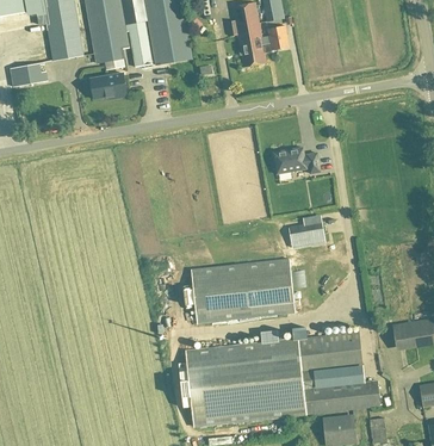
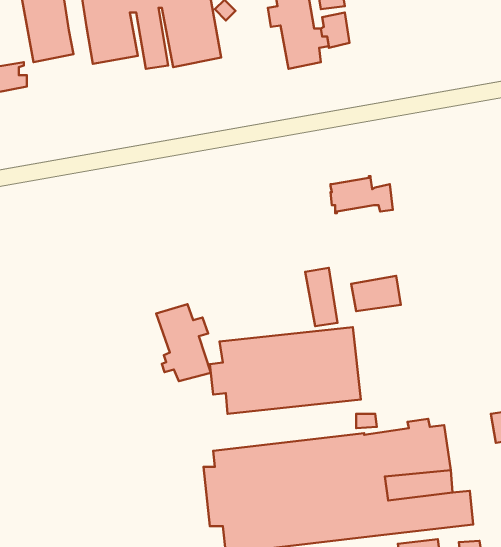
building: [88,72,125,98] -> none
building: none -> [305,268,338,326]
building: none -> [156,304,211,381]

